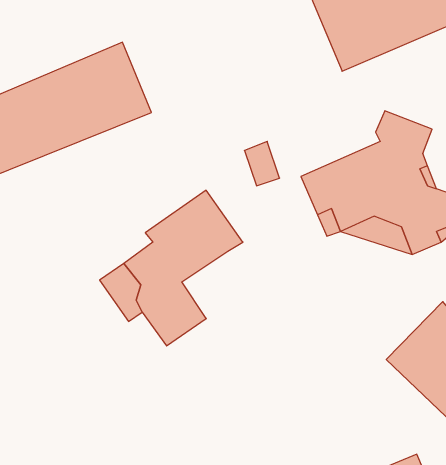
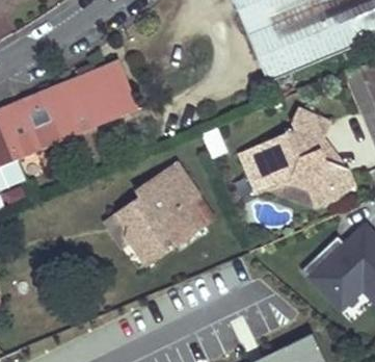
building: none -> [159,203,208,249]

